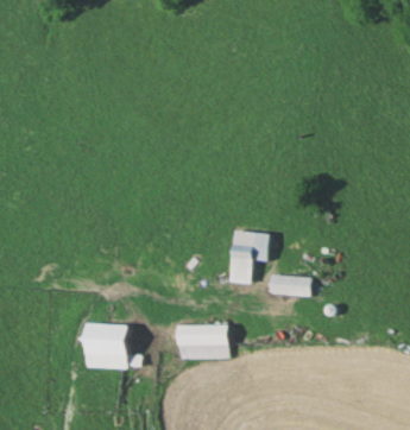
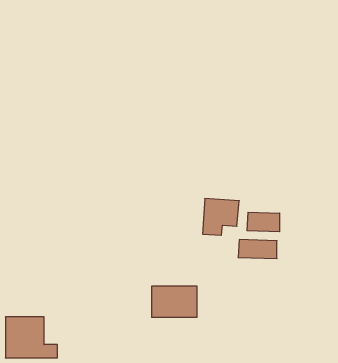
building: none -> [247,212,280,232]
building: [84,324,140,368] -> [5,317,57,358]

